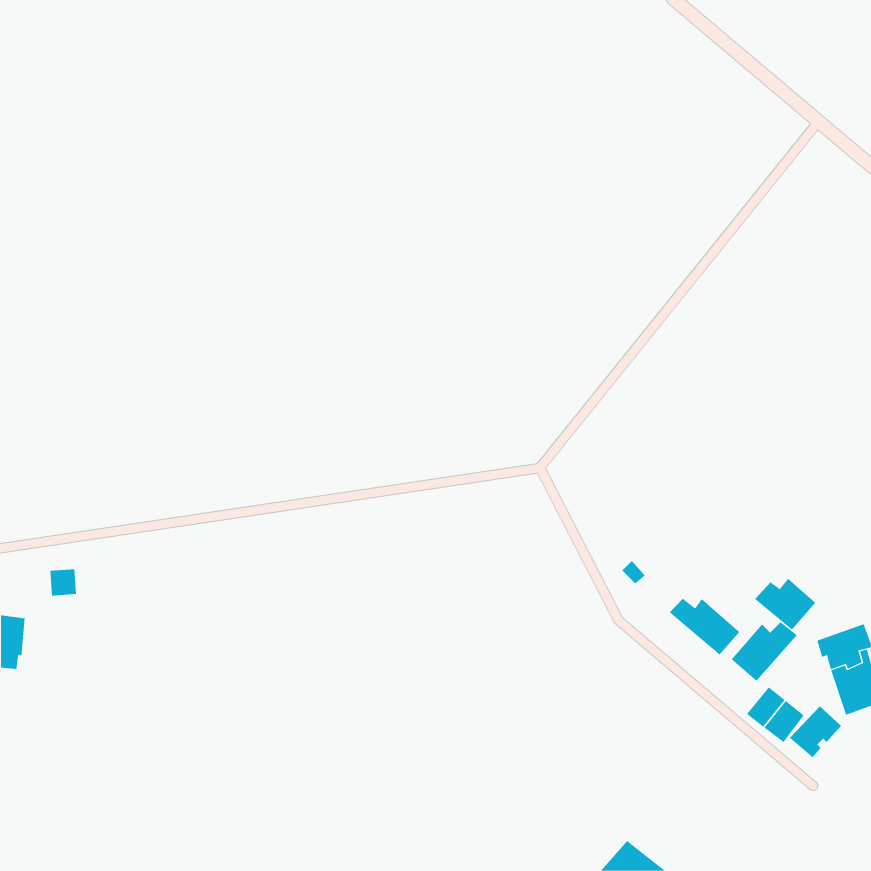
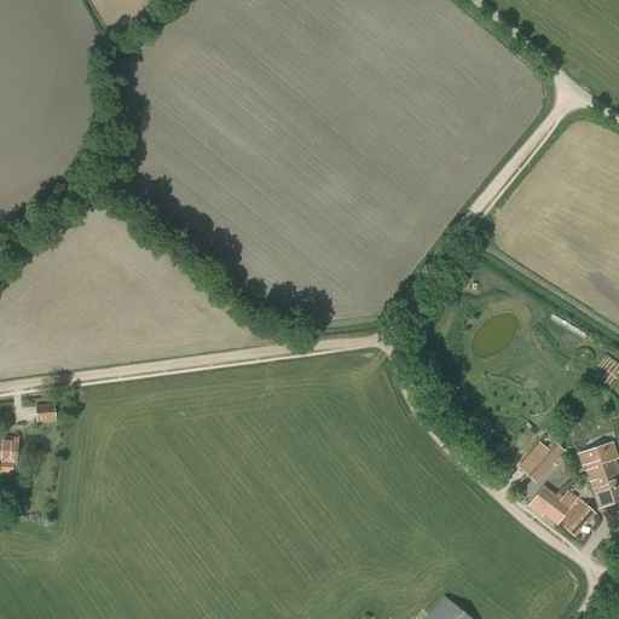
building: [754,578,816,631] -> none
building: [669,598,740,656] -> none

